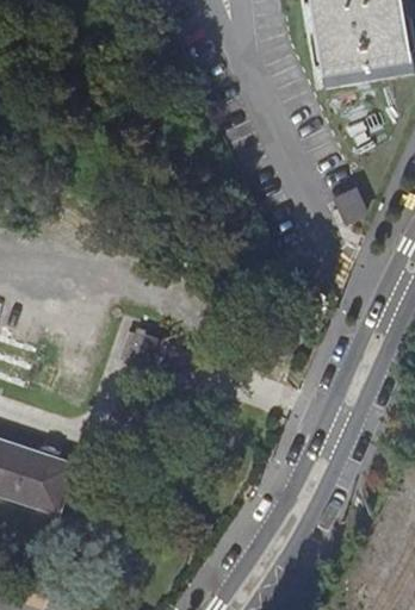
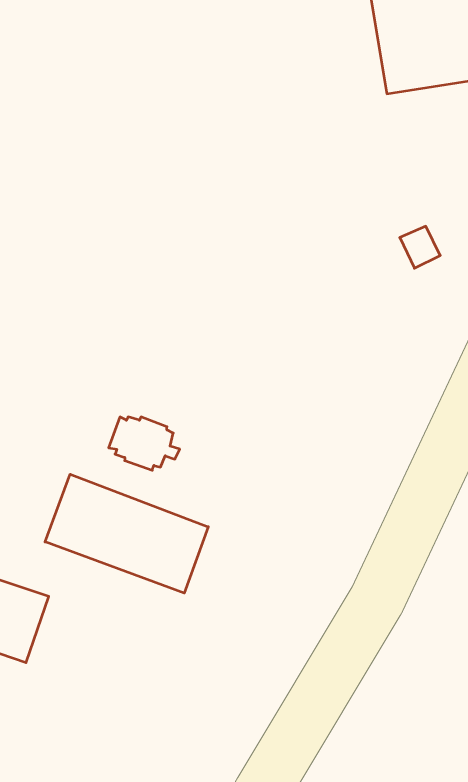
building: none -> [45,474,208,593]

